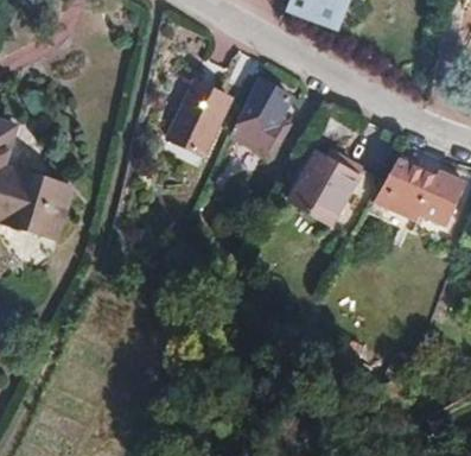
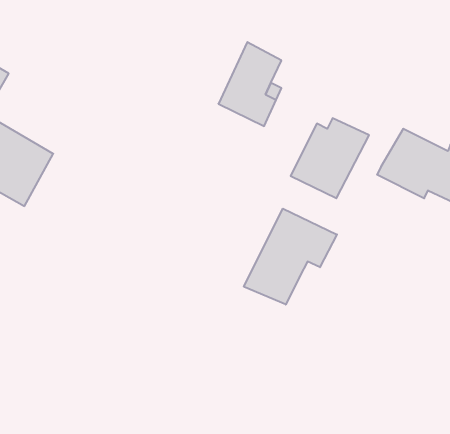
building: [167,87,228,157] -> none
building: none -> [244,209,337,305]

